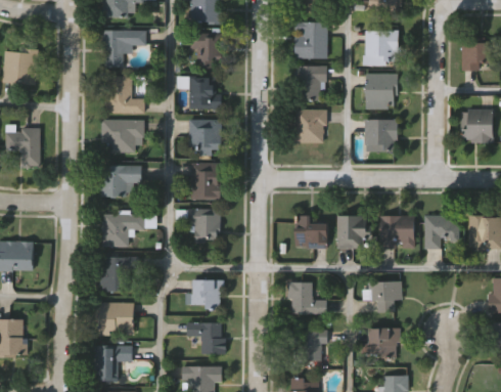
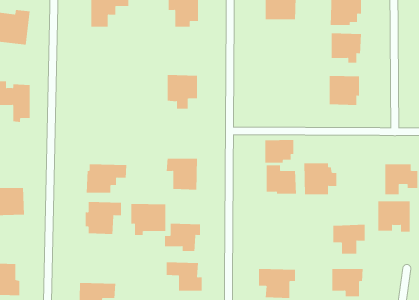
building: [292,66,327,99] -> none
building: [189,75,223,108] -> none
building: [105,76,146,113] -> none
building: [294,108,328,142] -> none
building: [100,120,144,153] -> none
building: [190,162,223,199] -> none
building: [100,166,142,198] -> none
building: none -> [265,139,294,163]
building: [379,215,415,249] -> [378,201,411,232]
building: [287,281,327,315] -> none
building: [95,301,134,336] -> [130,203,166,235]

